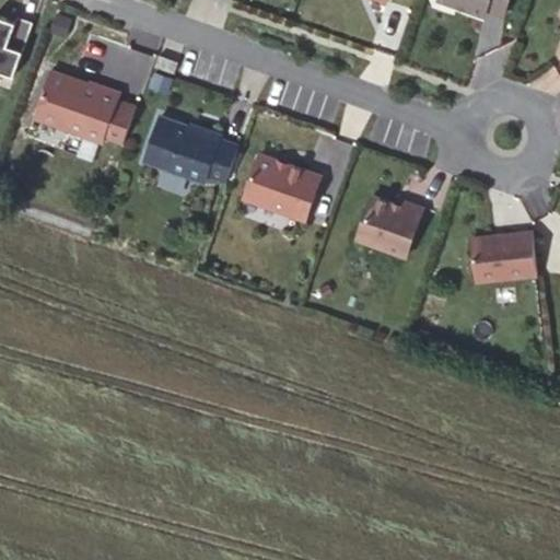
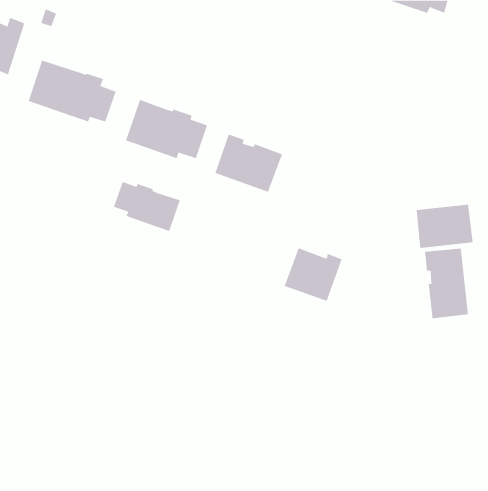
building: [357,196,423,257] -> [284,248,342,301]
building: none -> [113,181,180,232]
building: none -> [424,248,468,319]

